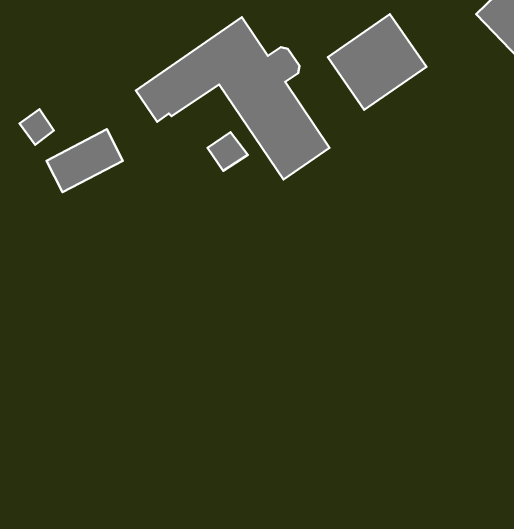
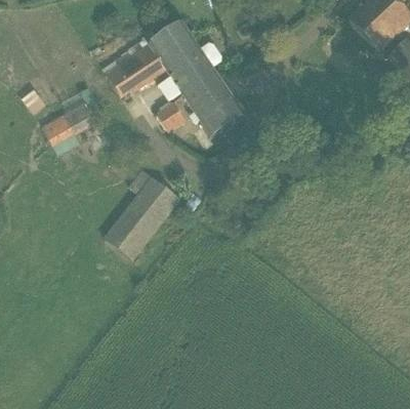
building: [328,14,427,110] -> none
building: none -> [105,166,180,257]

